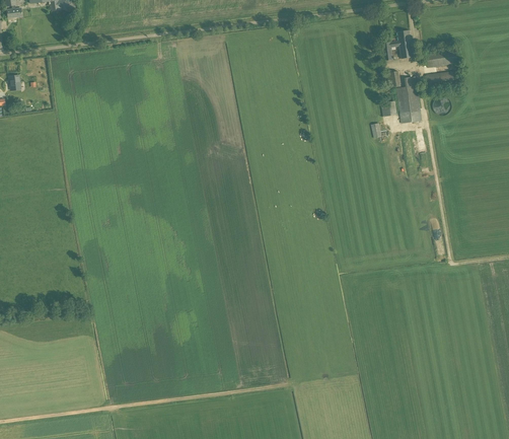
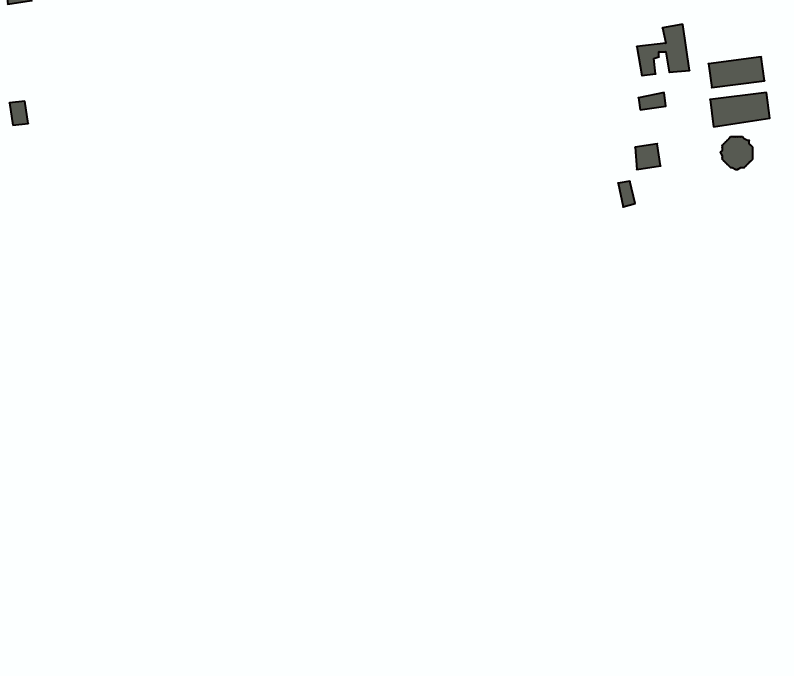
building: [395,76,421,123] -> none

